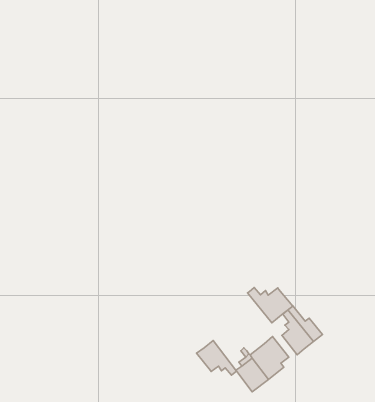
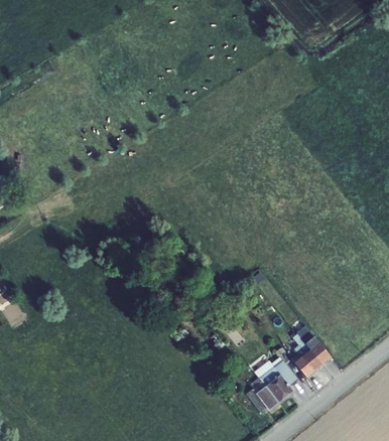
building: [248,287,293,323] -> none
building: [197,341,236,375] -> none

